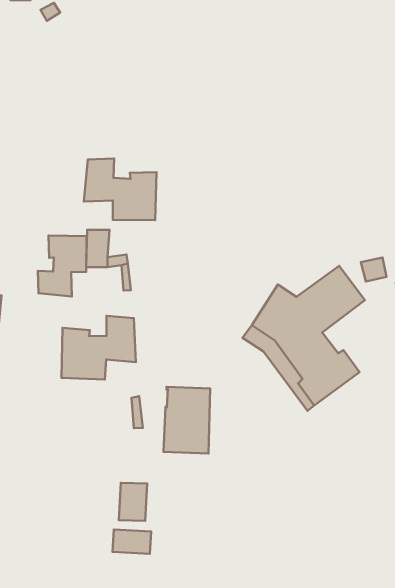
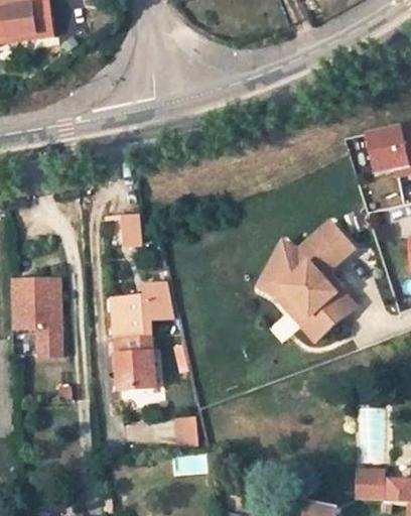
building: [84,159,156,220] -> none
building: [38,235,87,296] -> none
building: [164,387,210,453] -> [115,335,155,390]

